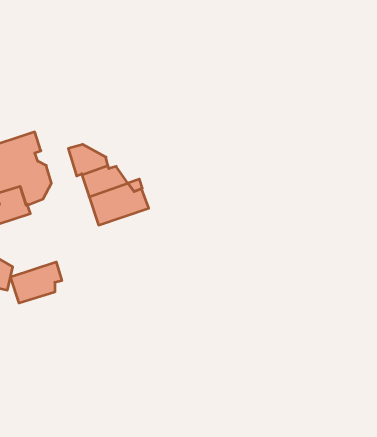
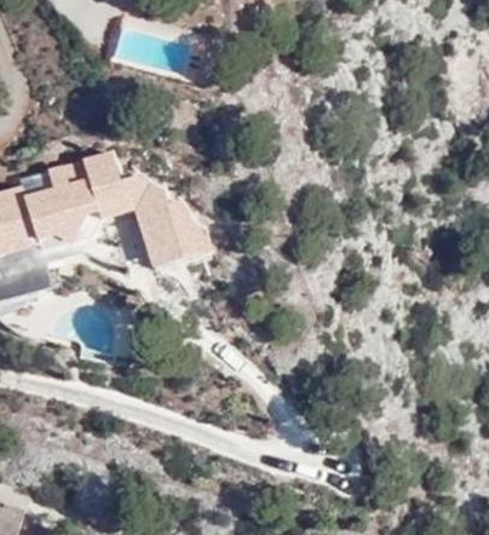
building: none -> [80,150,128,218]
building: [10,262,62,303] -> none

